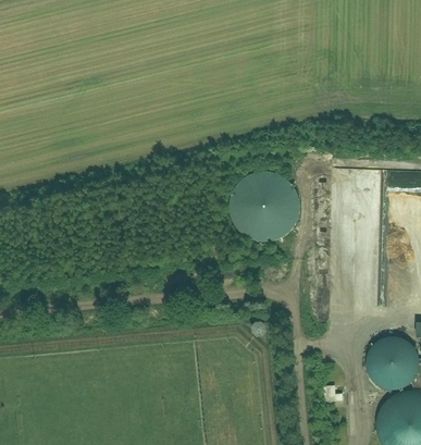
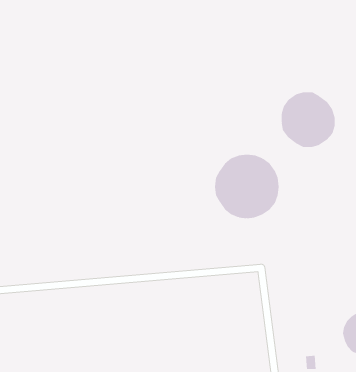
building: none -> [281,91,335,148]

